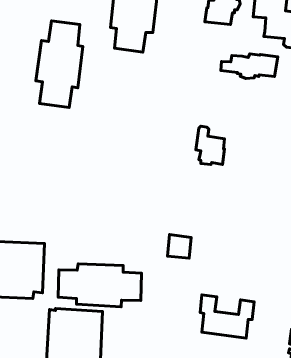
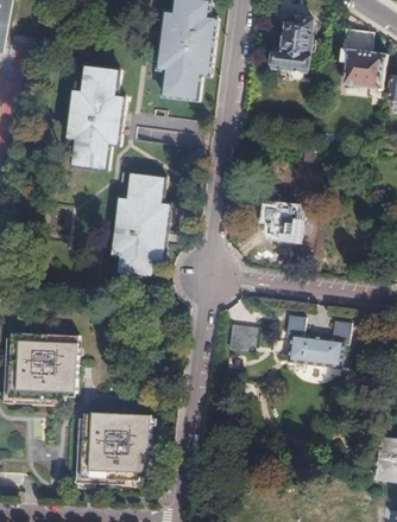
building: [221,54,278,78] -> none
building: none -> [111,171,171,274]
building: [58,264,141,307] -> none
building: [200,295,254,338] -> [286,314,352,367]

